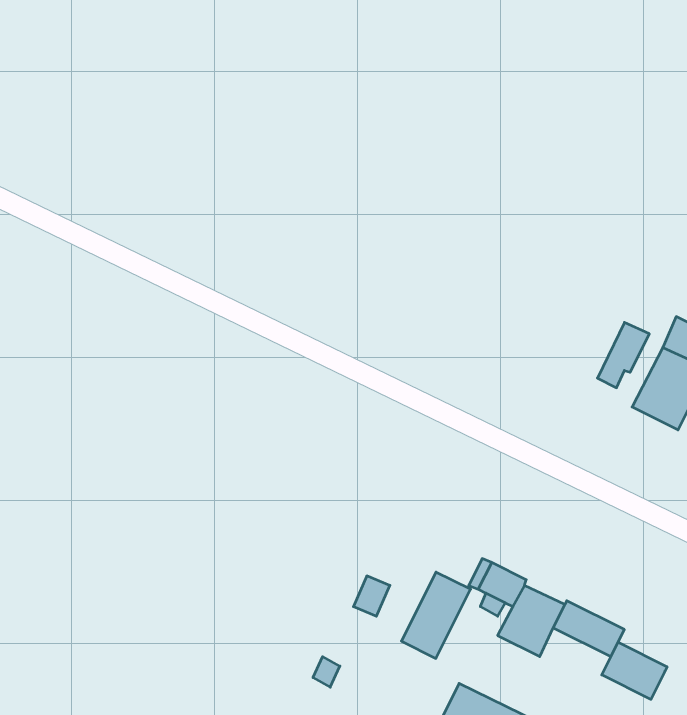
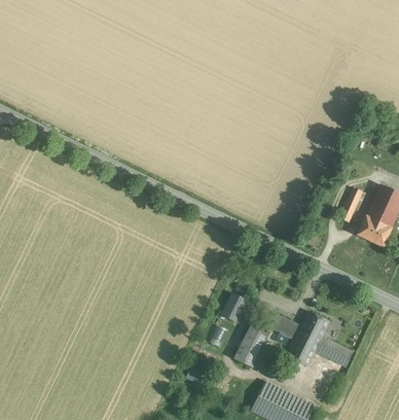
building: none -> [221,292,247,321]
building: none -> [299,311,330,339]
building: [602,642,667,699] -> none

